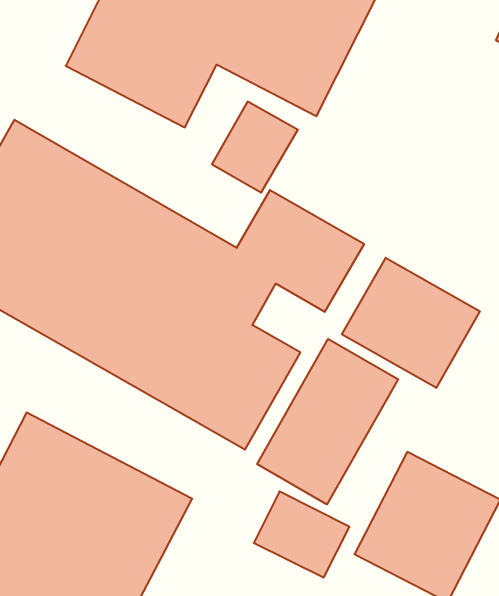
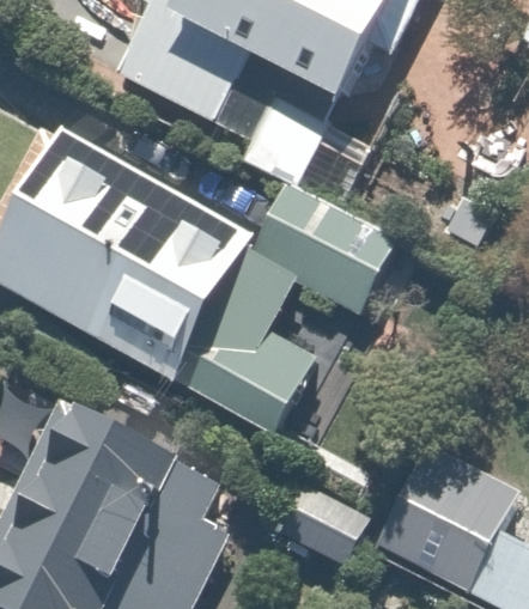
building: [342,258,480,388] -> none
building: [257,339,398,504] -> none

